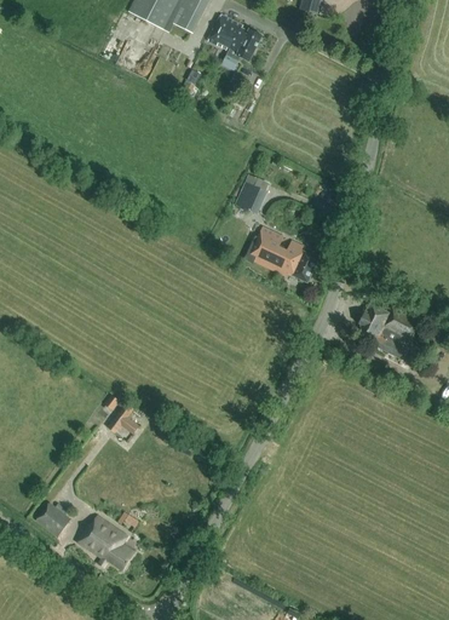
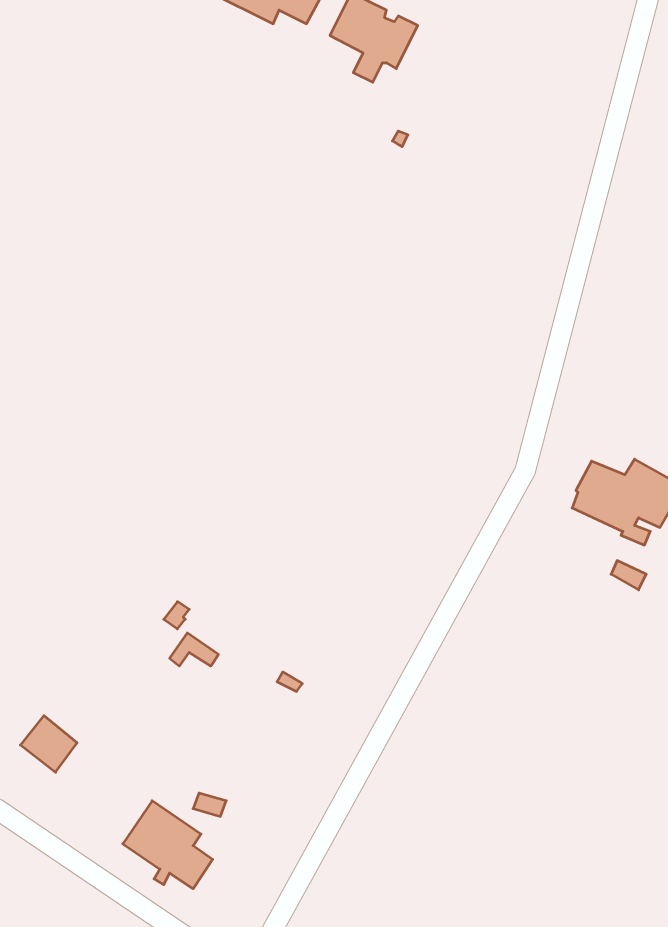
building: [236,180,267,213] -> none
building: [248,225,318,281] -> none
building: [35,500,70,535] -> [20,716,77,772]

